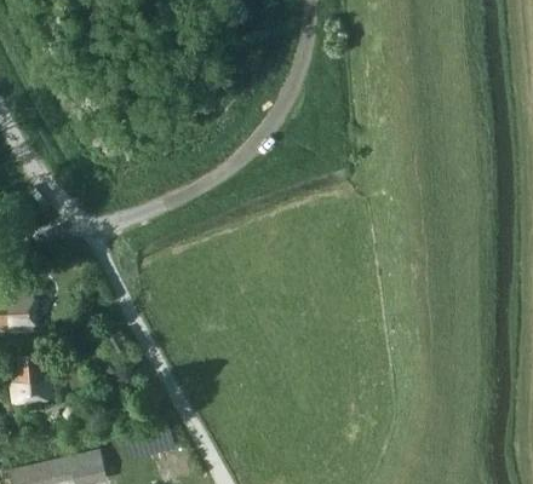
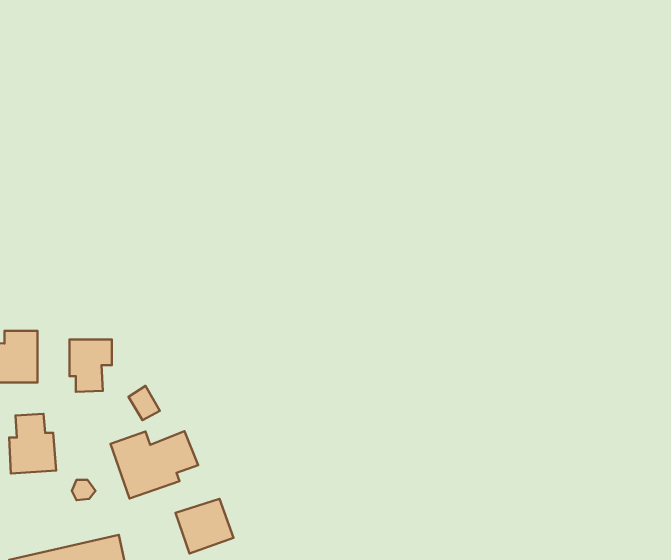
building: none -> [69,340,112,392]
building: none -> [110,431,198,498]

